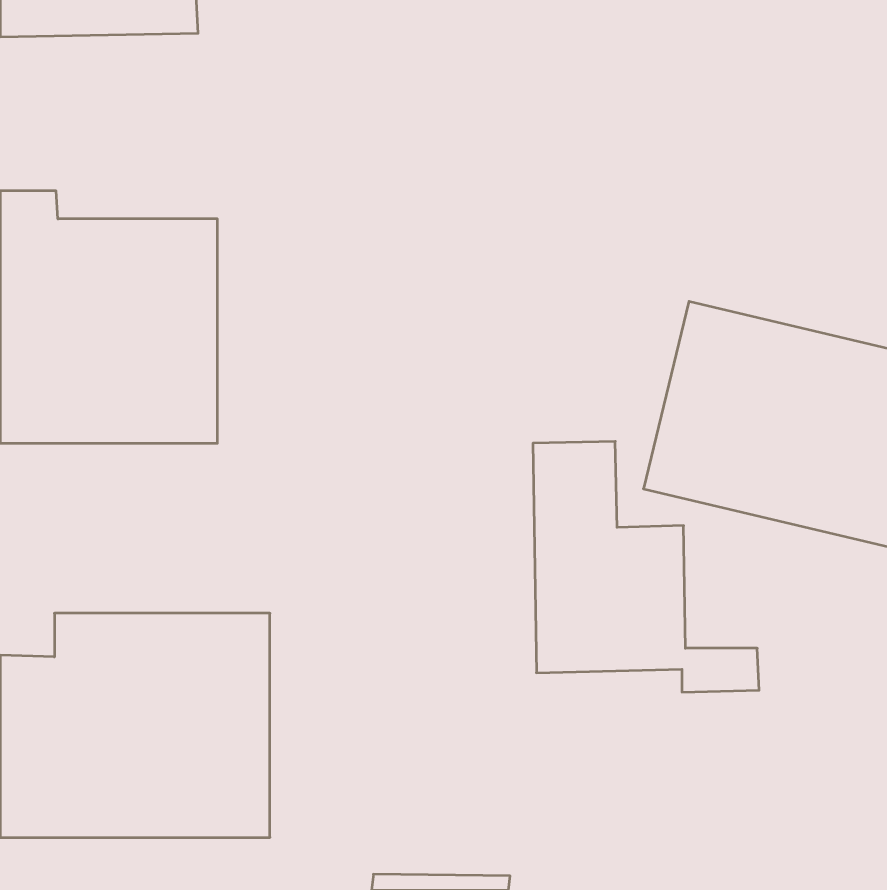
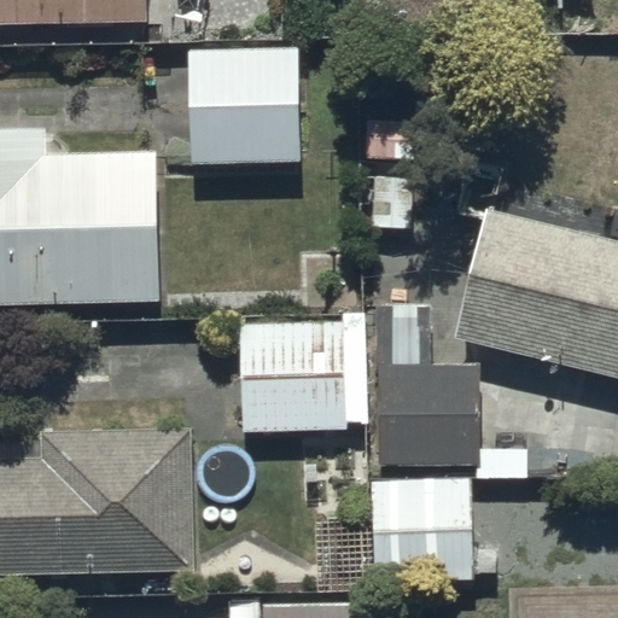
building: none -> [182,45,298,203]
building: none -> [238,322,366,430]
building: none -> [371,483,476,581]

